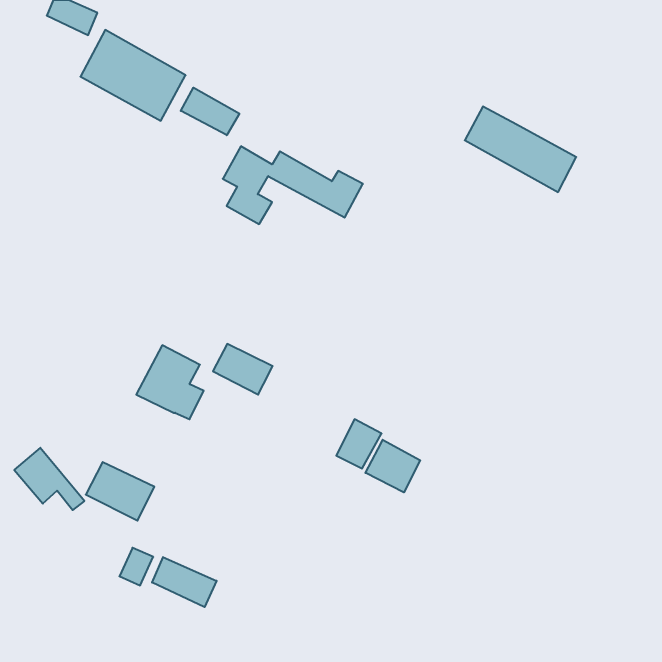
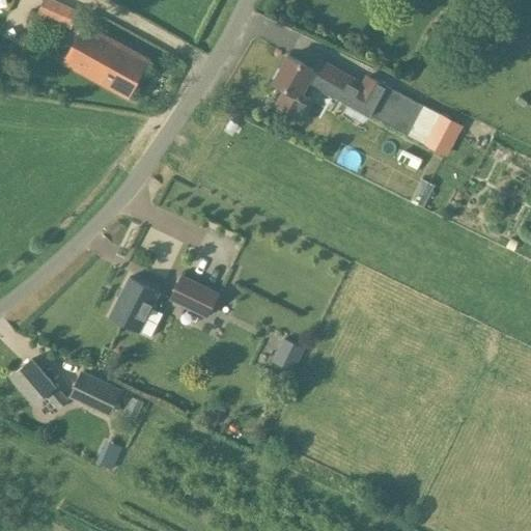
building: [181,88,239,135] -> none
building: [223,146,363,224] -> [274,56,386,118]
building: [365,440,420,492] -> none
building: [152,557,217,607] -> none

